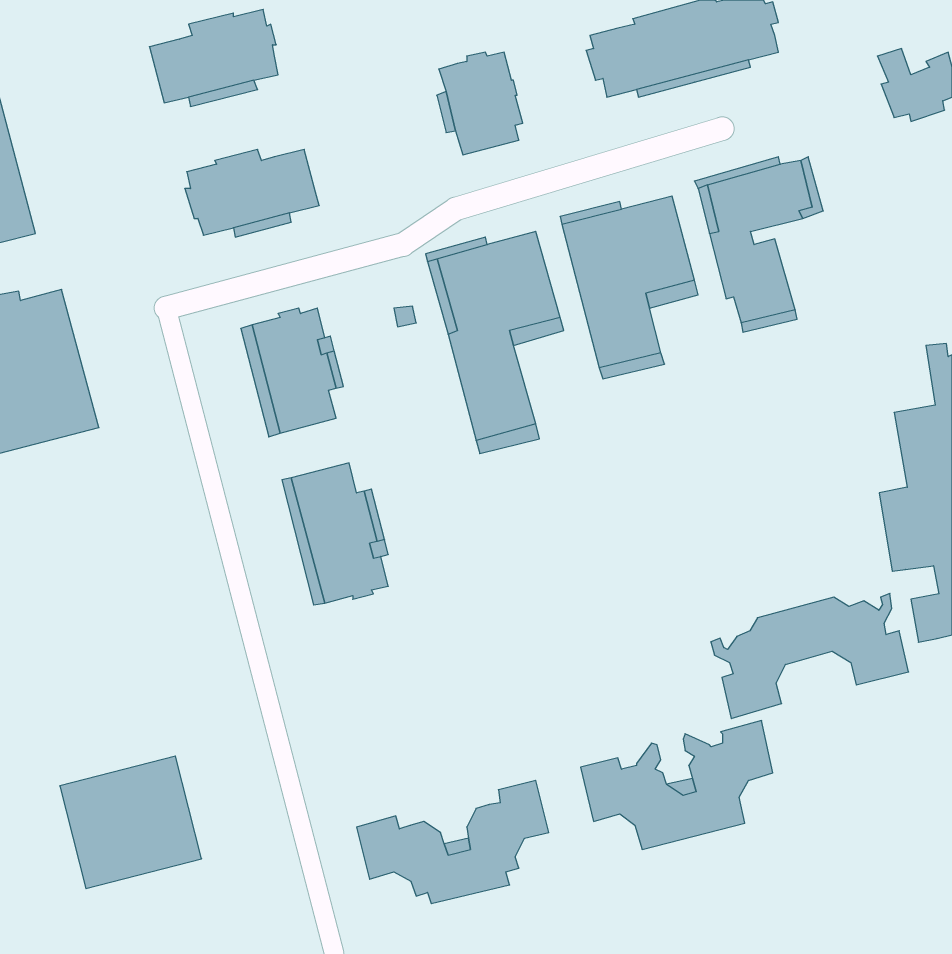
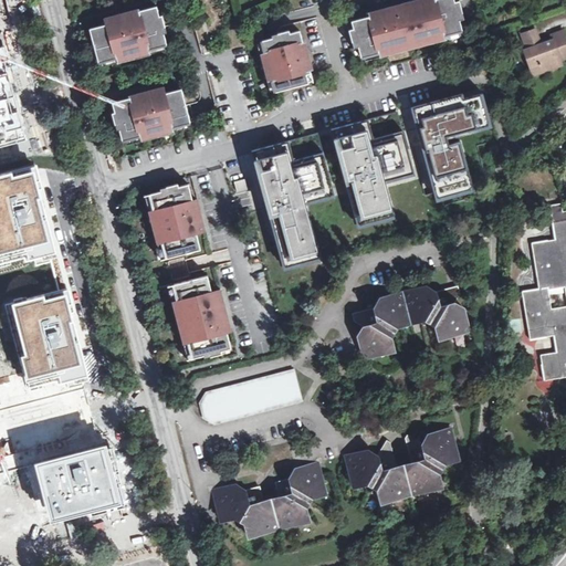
building: none -> [13,294,87,391]
building: [711,593,909,719] -> [350,284,468,358]
building: none -> [198,369,302,423]

